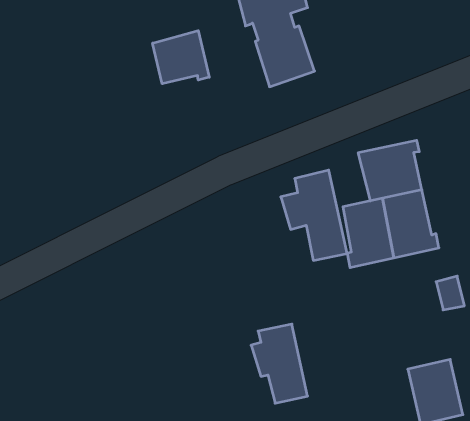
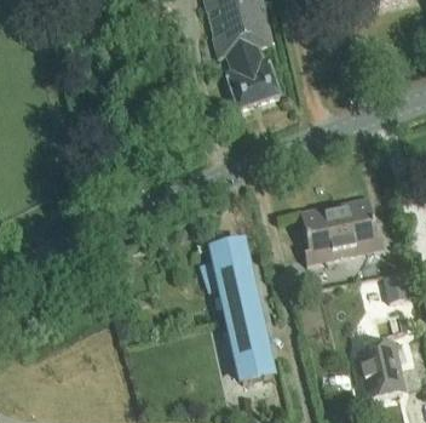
building: [153,31,209,84] -> none
building: [358,140,421,201] -> none
building: [281,170,347,260] -> [202,240,259,318]

